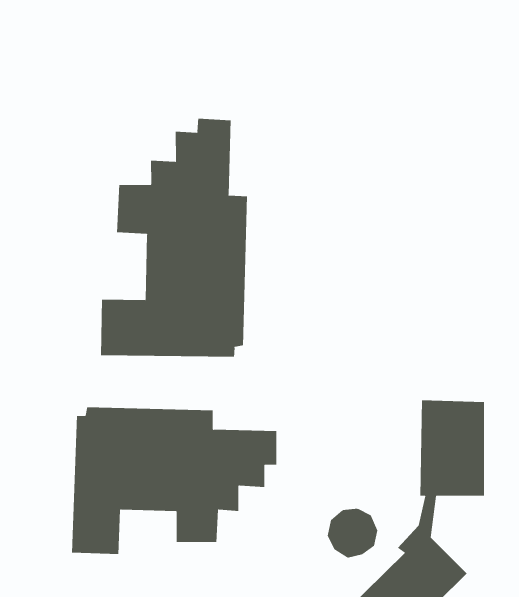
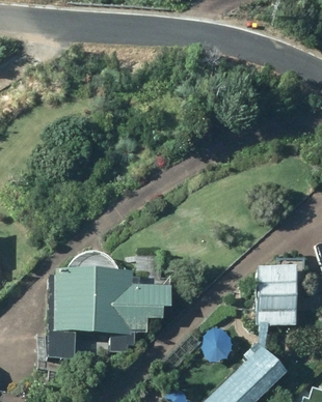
building: [100,118,248,358] -> none

